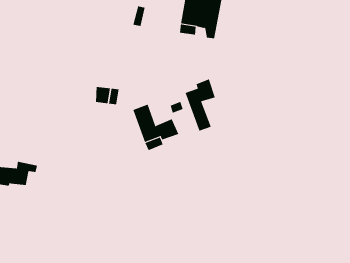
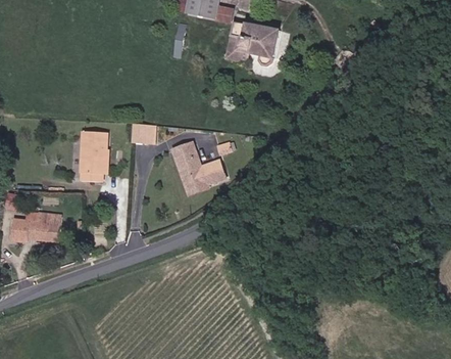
building: [185,79,215,131] -> none
building: none -> [81,131,103,181]

